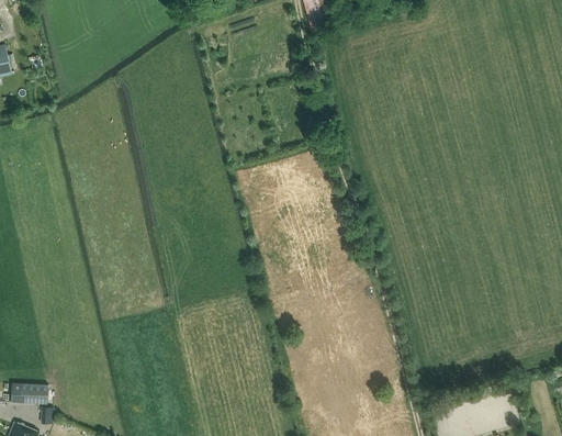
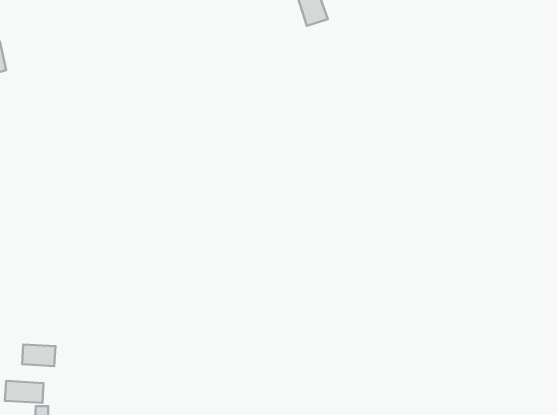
building: none -> [22,344,55,366]

